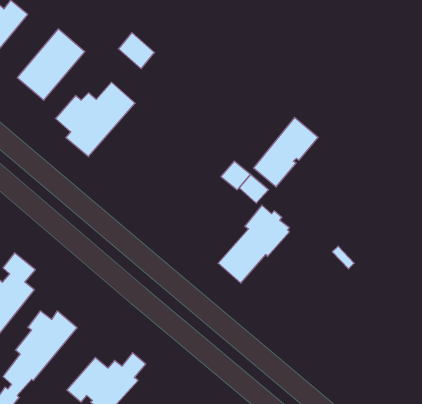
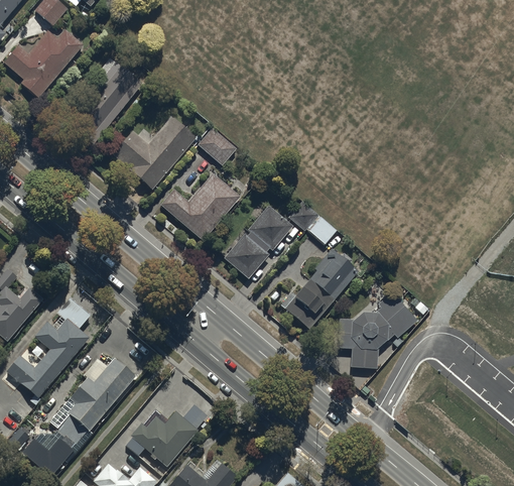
building: [118,33,155,69] -> [198,126,236,164]
building: [253,117,318,187] -> [225,205,293,278]
building: none -> [159,172,241,241]
building: none -> [334,290,417,368]

